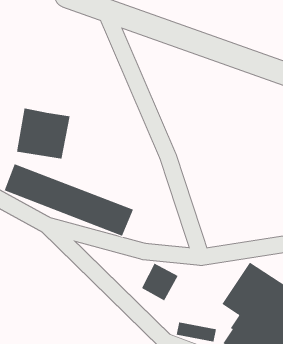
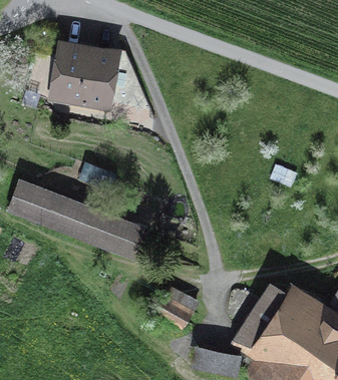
building: [16,108,71,159] -> [56,47,114,102]

